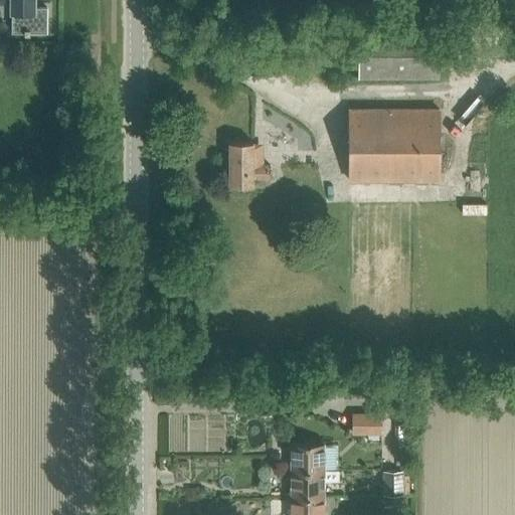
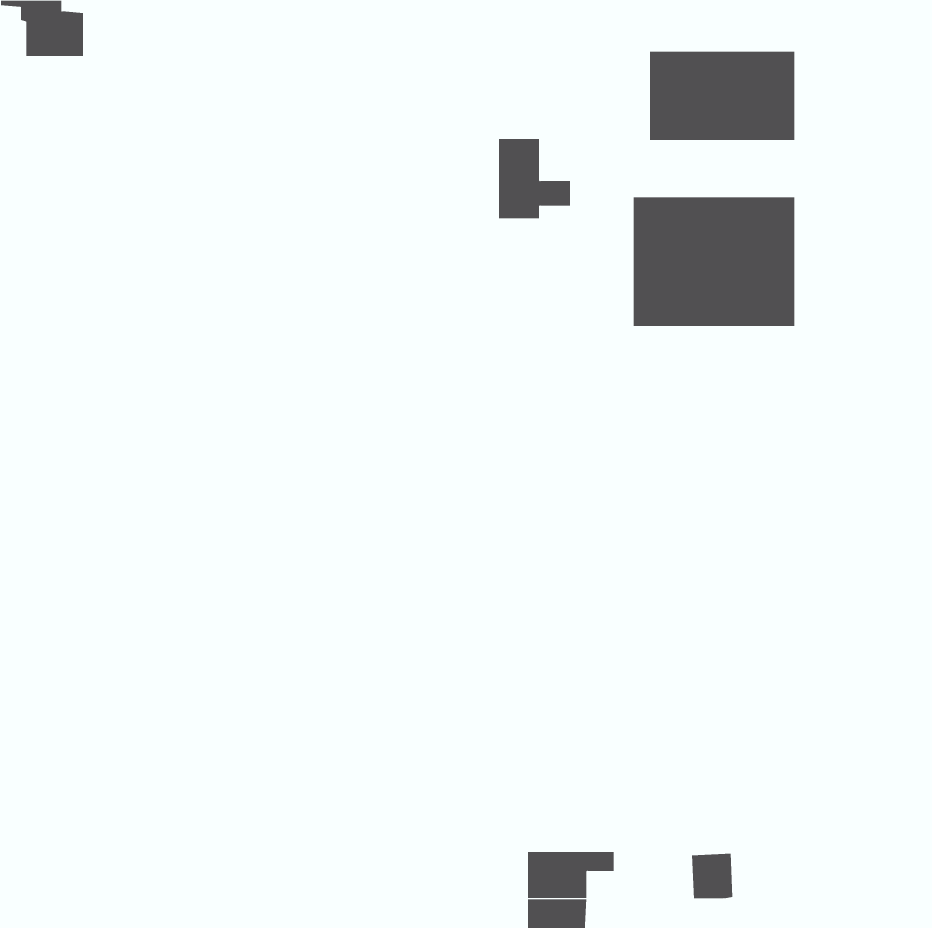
building: [229,144,270,188] -> [498,139,571,219]
building: [352,414,381,436] -> none
building: [291,445,324,472] -> none

